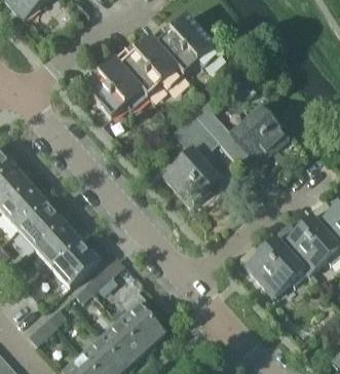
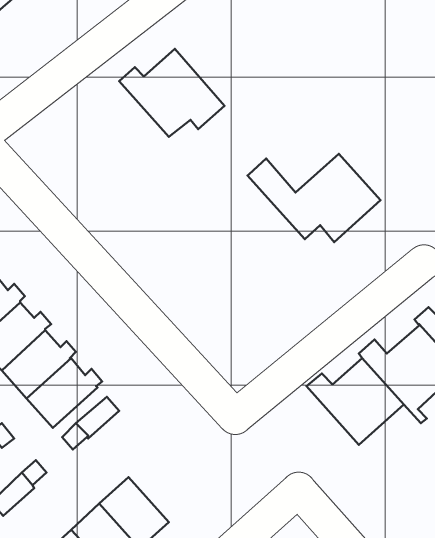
building: [150,13,219,73] -> none
building: [77,57,146,115] -> none
building: [161,112,219,204] -> none
building: [119,291,164,349] -> none

